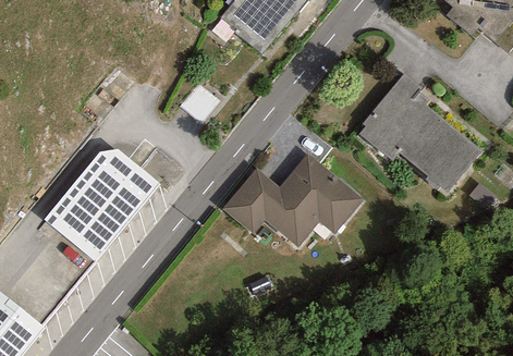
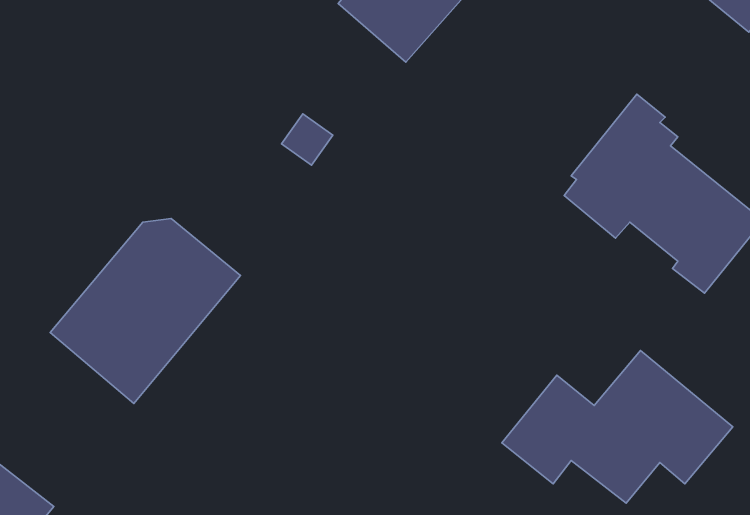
building: [222,152,364,246] -> [502,350,733,503]

